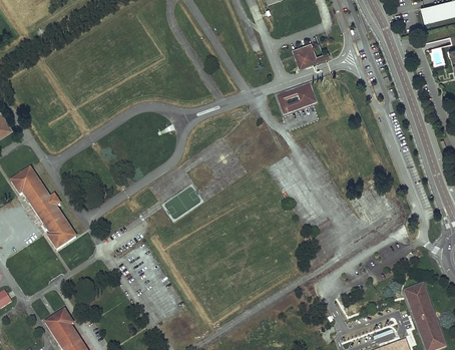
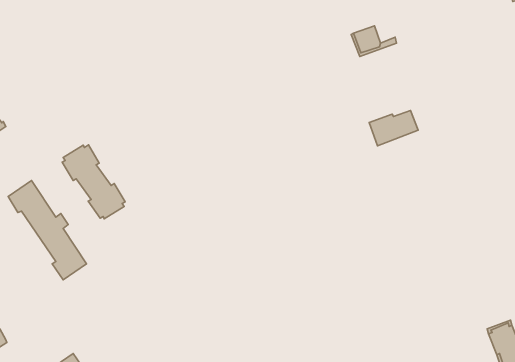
building: [277,86,317,115] -> [369,110,418,146]
building: none -> [62,145,125,219]

